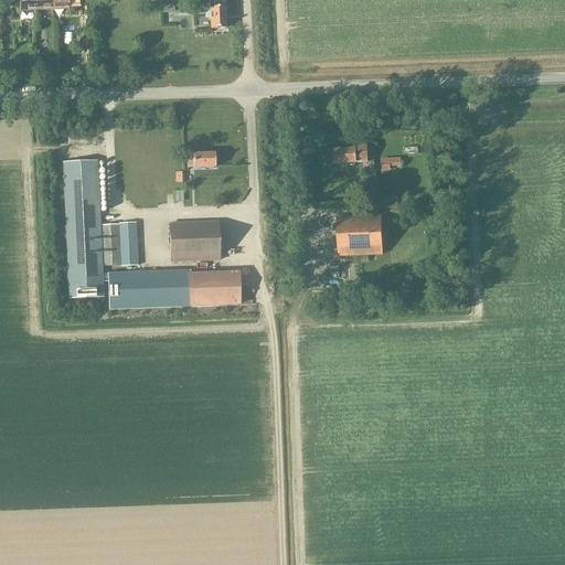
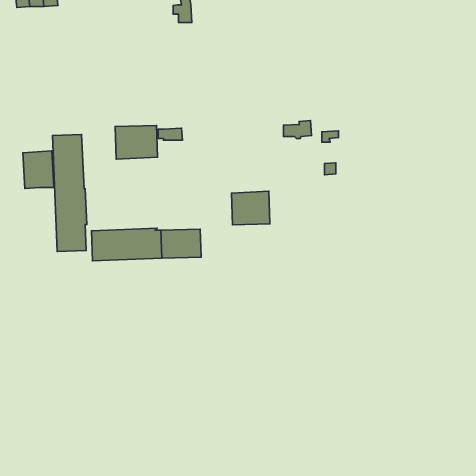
building: [339,214,384,254] -> [231,191,270,225]
building: [103,221,139,265] -> [23,151,54,188]
building: [171,221,221,260] -> [115,125,157,159]

